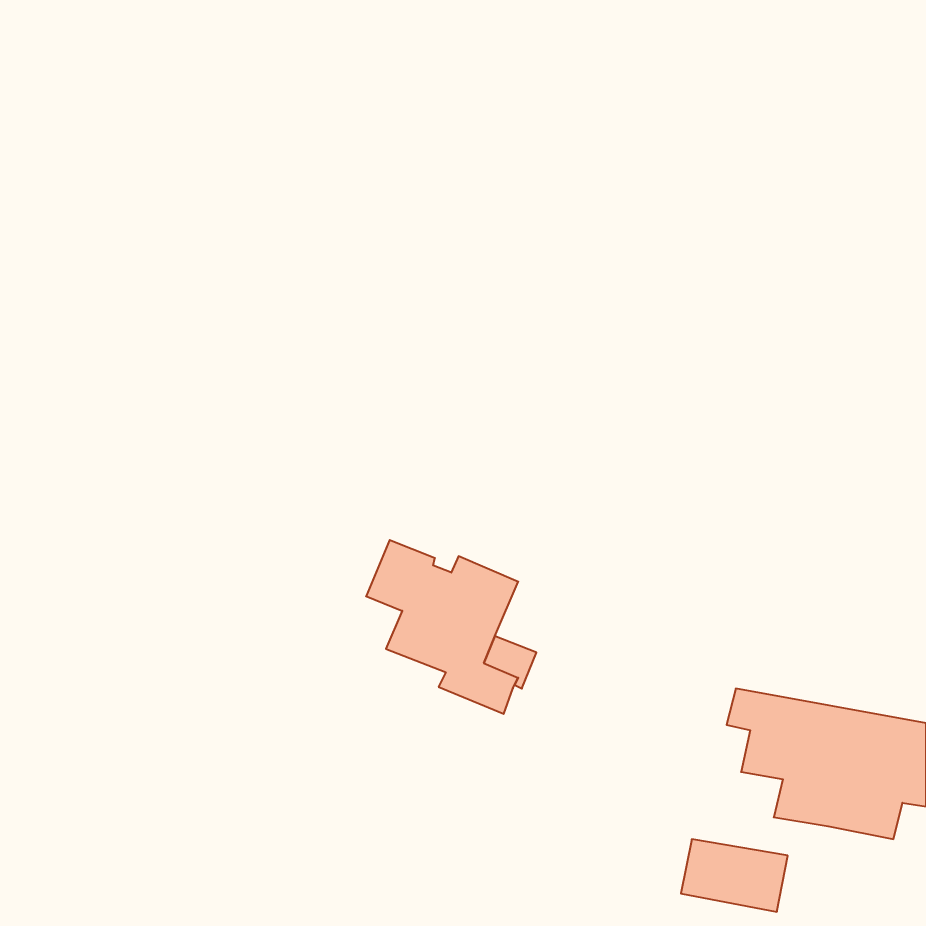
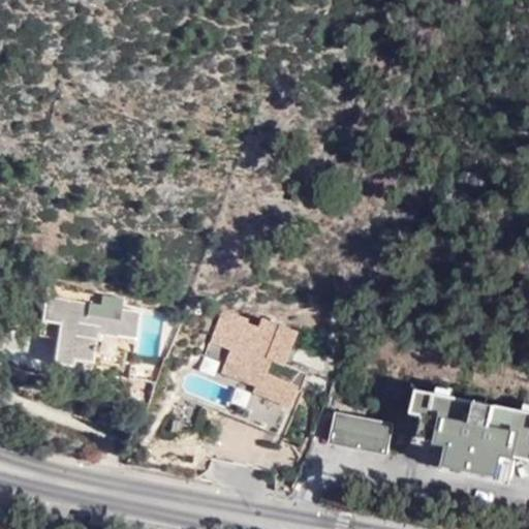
building: none -> [38,294,136,368]
building: [681,839,788,912] -> [332,413,393,455]

